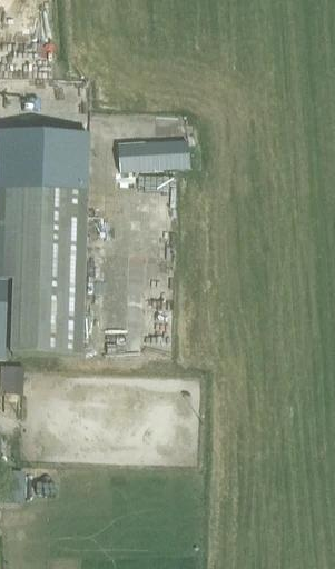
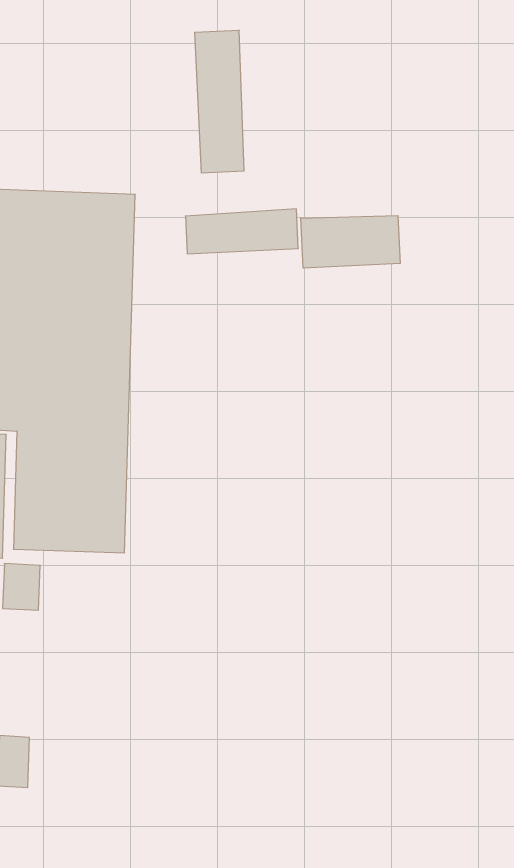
building: none -> [195,30,244,173]
building: none -> [301,216,400,268]

